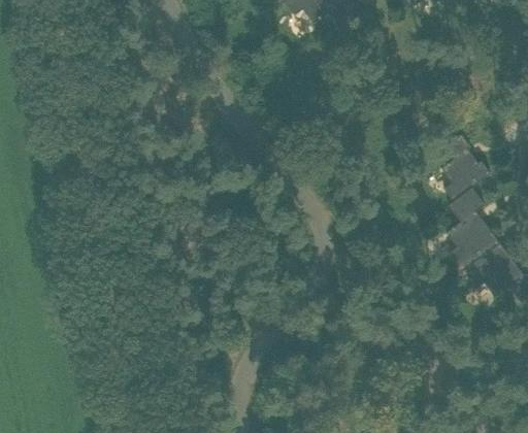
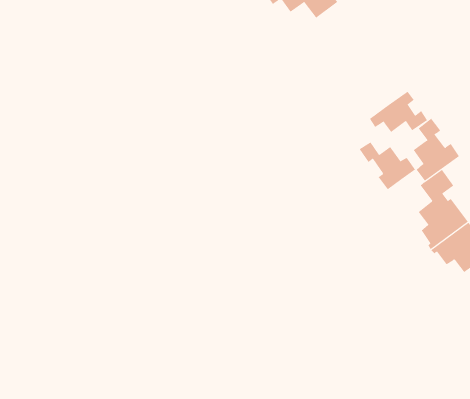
building: none -> [369,91,428,133]
building: none -> [359,141,416,190]

